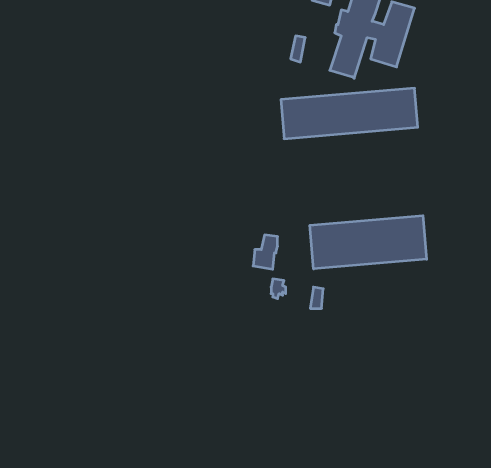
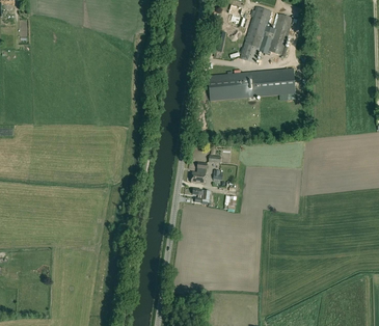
building: [310,216,427,269] -> none

